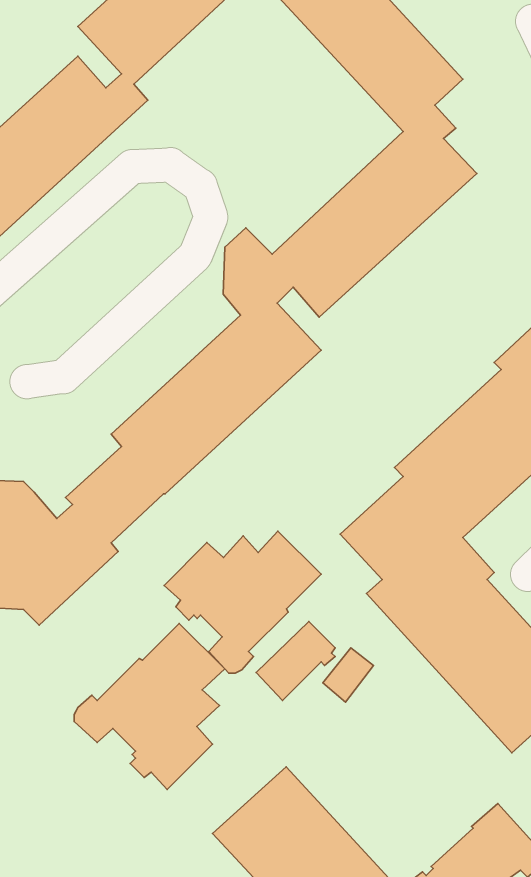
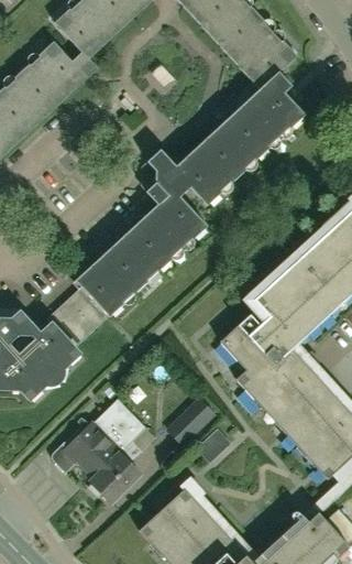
building: [164,531,321,673] -> none

